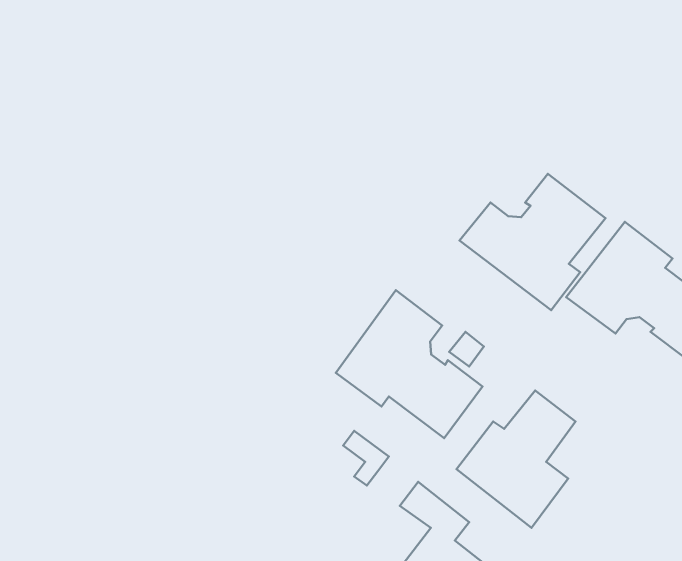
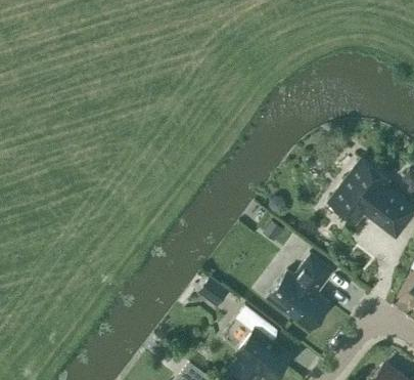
building: [460,174,605,310] -> none
building: [336,290,482,438] -> none

